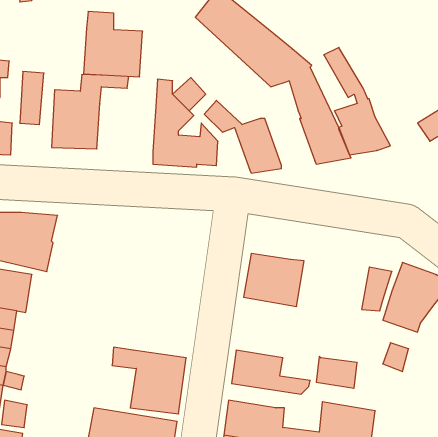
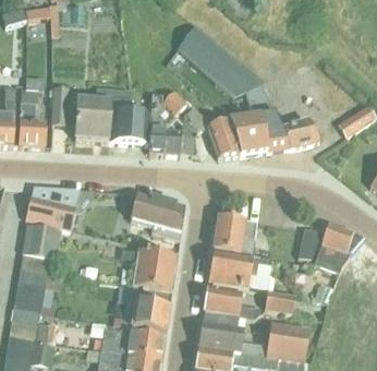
building: [84,12,143,77] -> [107,97,149,144]
building: none -> [228,117,265,156]
building: none -> [129,194,184,239]
building: none -> [133,242,177,292]
building: none -> [208,249,271,289]

